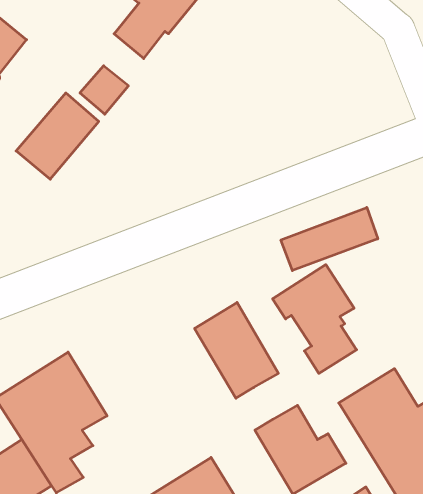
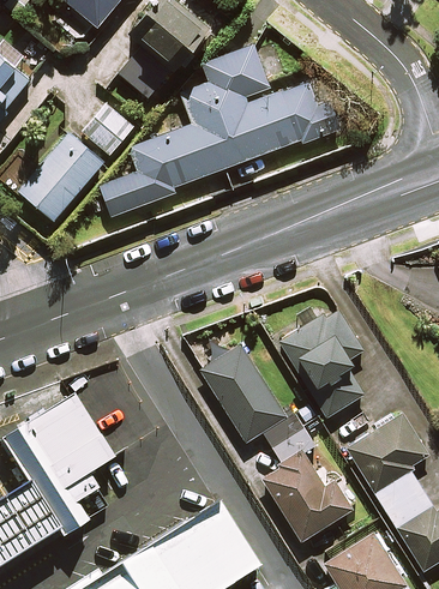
building: none -> [98,46,335,217]
building: [281,207,378,271] -> none
building: none -> [259,411,313,464]

